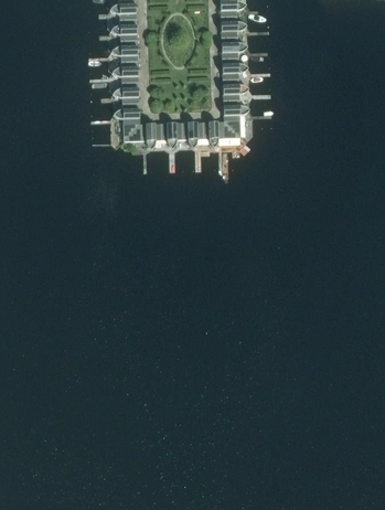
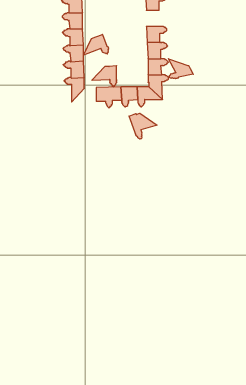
building: [221,22,247,43] -> none
building: none -> [83,34,109,55]
building: none -> [168,59,193,79]
building: [124,123,156,150] -> [92,66,117,87]
building: none -> [129,113,157,139]

